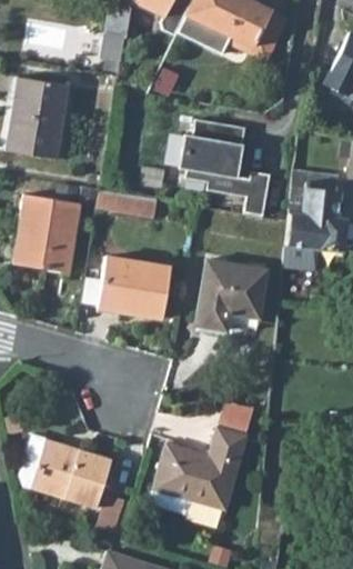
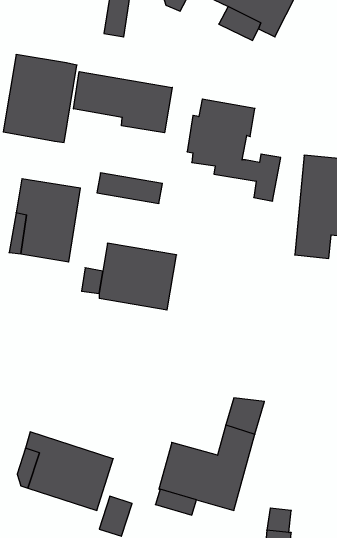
building: none -> [74,72,172,133]
building: [195,259,266,330] -> none

